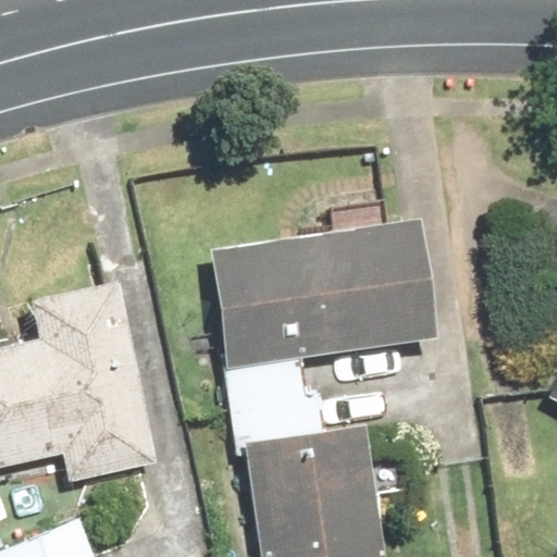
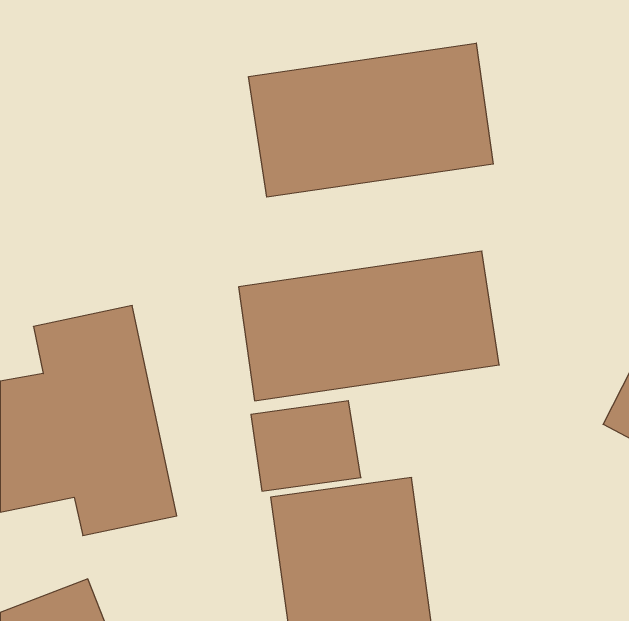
building: none -> [249,43,493,197]

